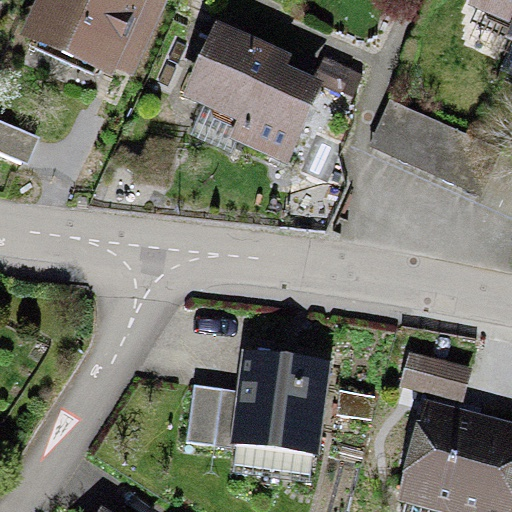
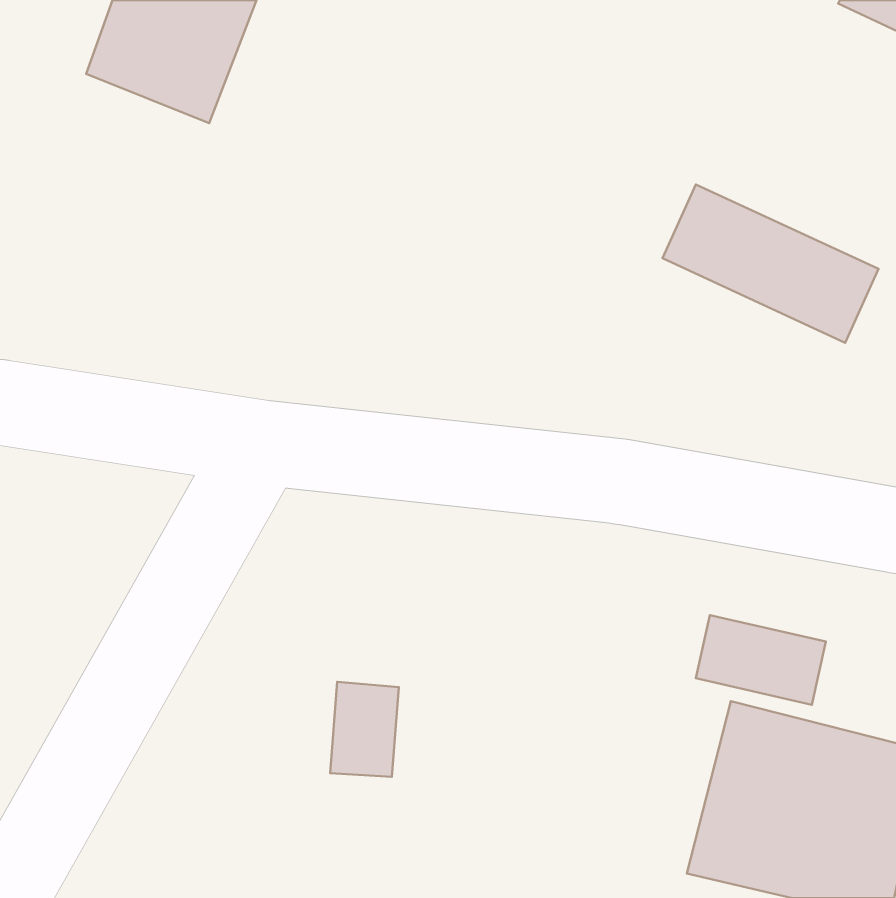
building: [200,47,319,155] -> none
building: [231,350,325,451] -> none

